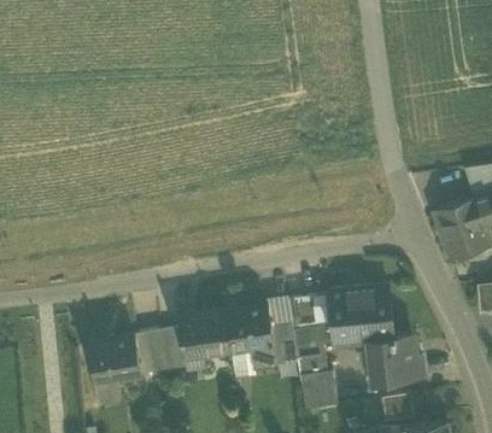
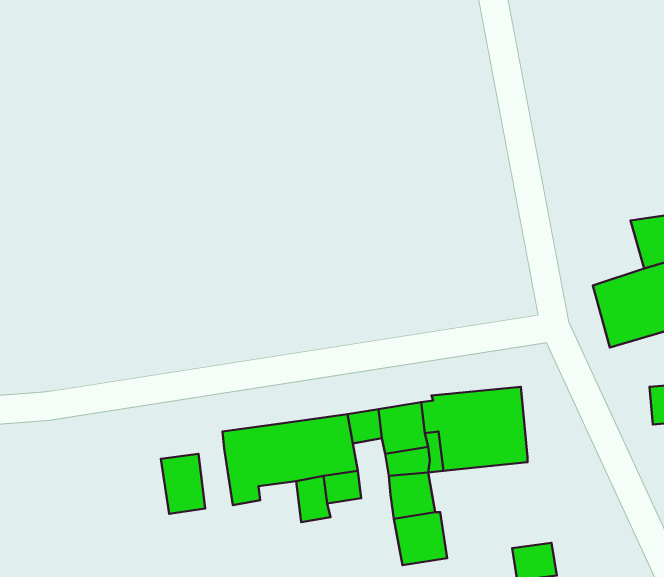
building: [270,323,297,365] -> none
building: [162,330,186,373] -> none
building: [368,335,422,384] -> none
building: [89,337,141,405] -> none

